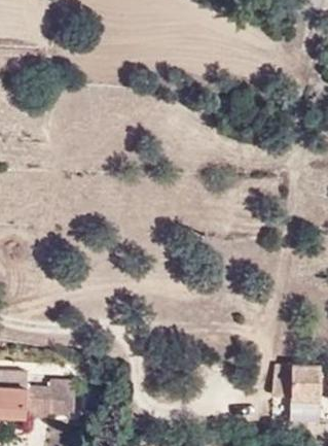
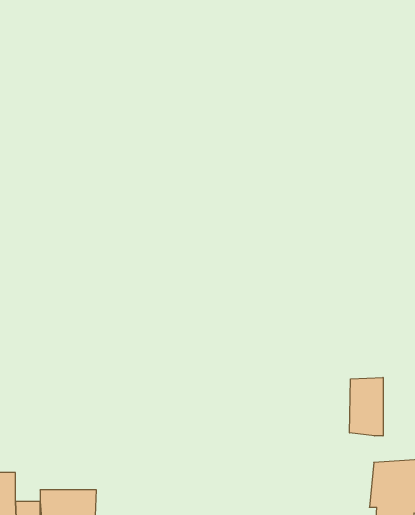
building: none -> [350,377,383,436]

